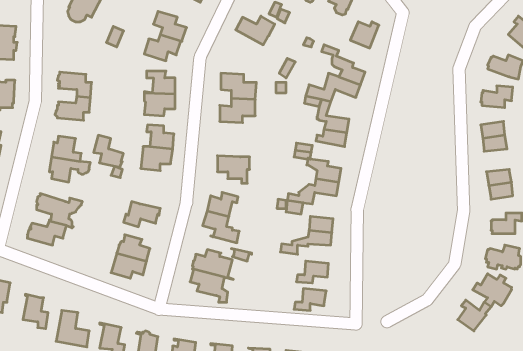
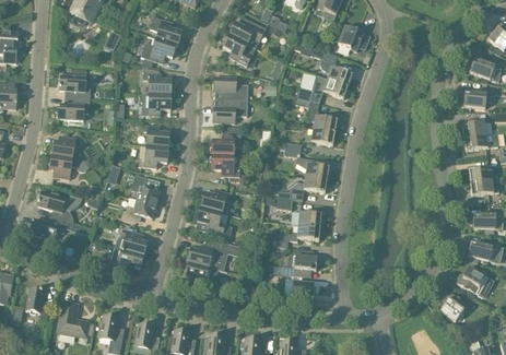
building: none -> [223,34,255,66]
building: none -> [211,133,240,155]
building: [94,135,123,167] -> [131,174,160,204]

